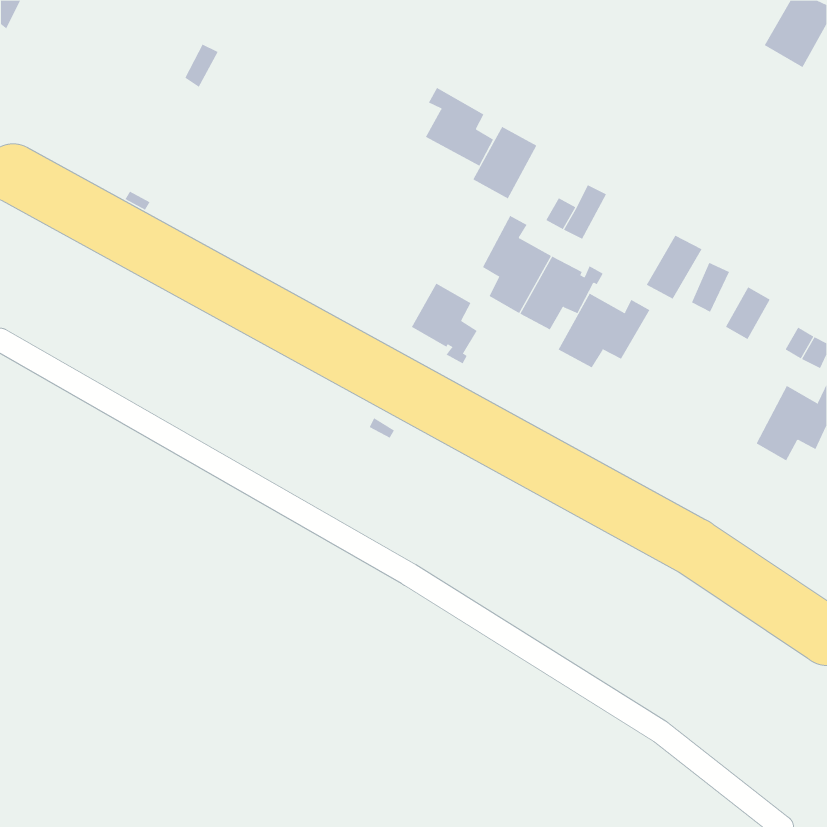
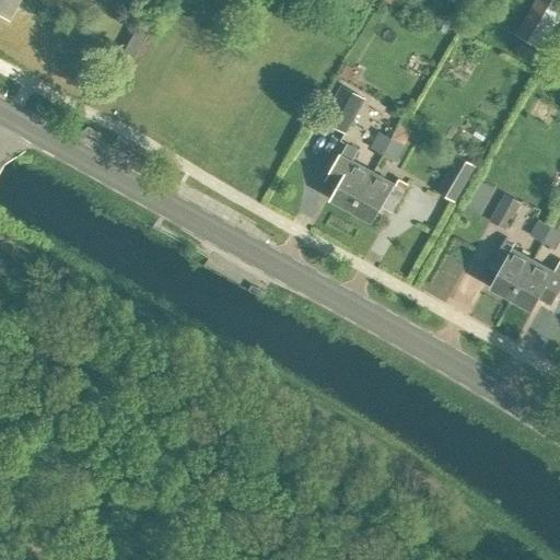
building: [425,87,494,167] -> none
building: [411,283,478,364] -> none
building: [558,293,650,368] -> none
building: none -> [489,238,532,300]

